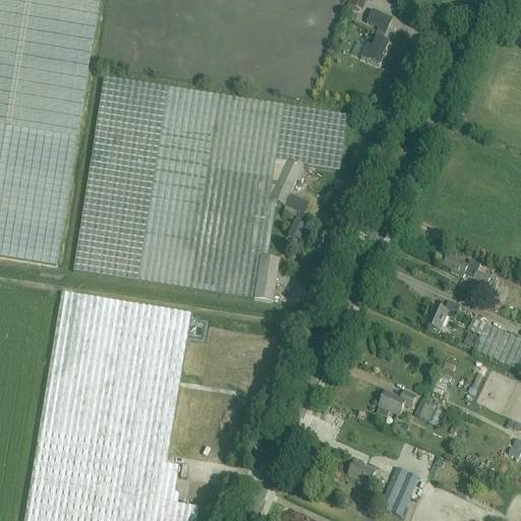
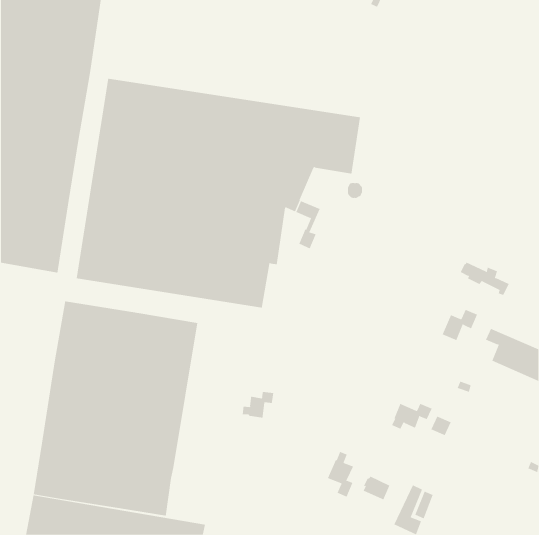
building: [361,7,393,64] -> none
building: [253,254,279,300] -> none
building: none -> [242,391,274,419]
building: none -> [327,451,354,498]
building: [161,461,179,501] -> none

